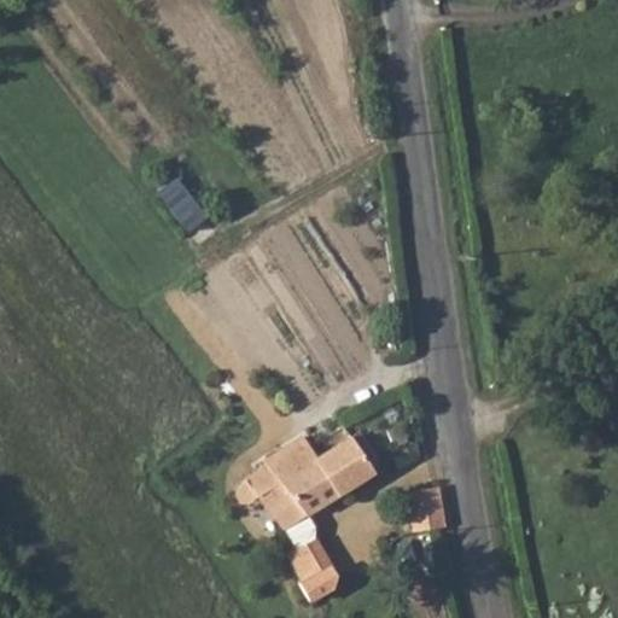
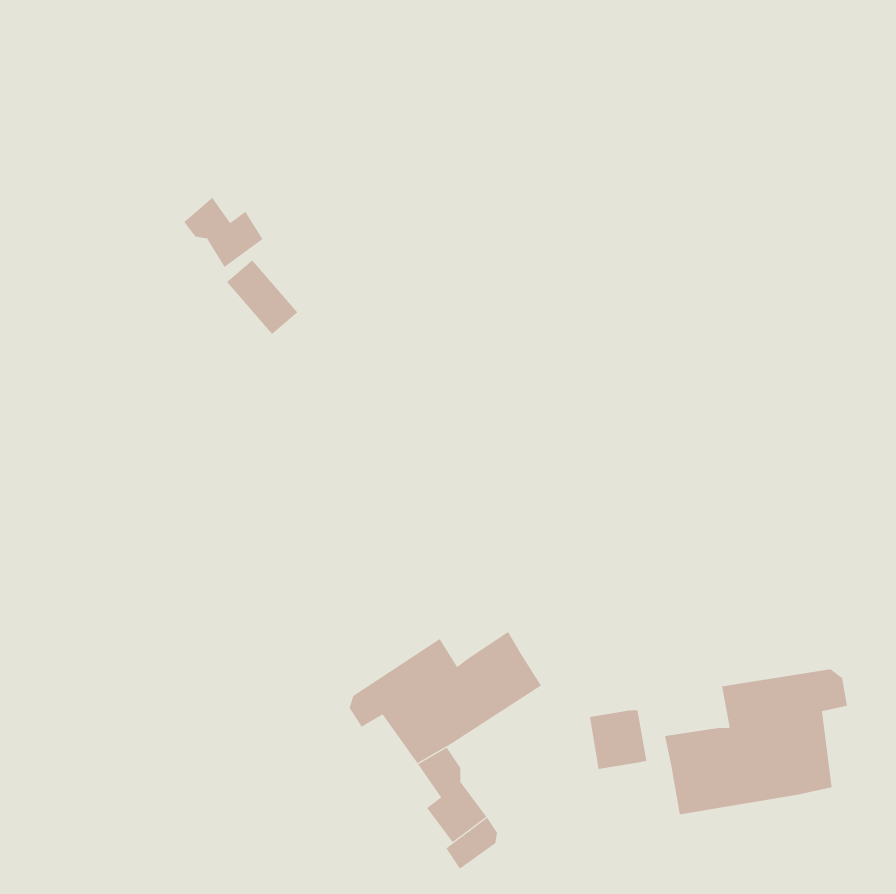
building: none -> [184,197,263,268]
building: none -> [665,669,848,815]

